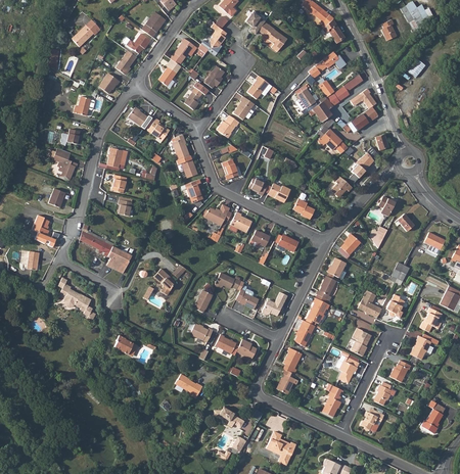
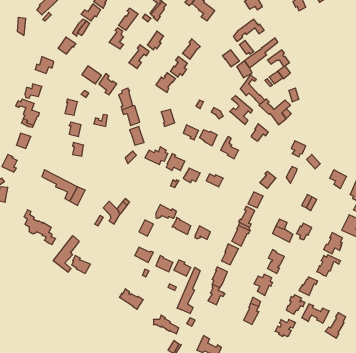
building: none -> [230,95,252,125]
building: none -> [53,236,79,272]
building: none -> [177,267,200,314]
building: none -> [302,304,329,323]

